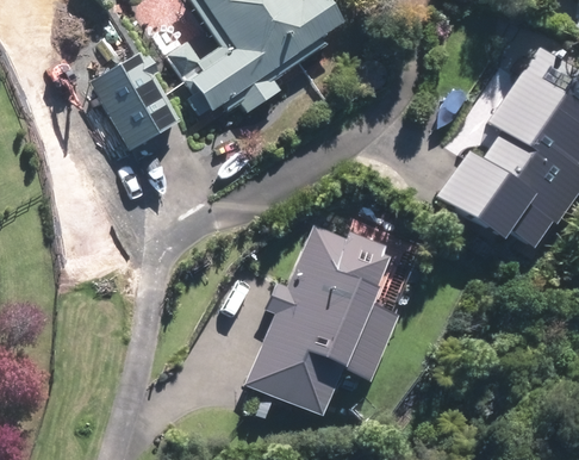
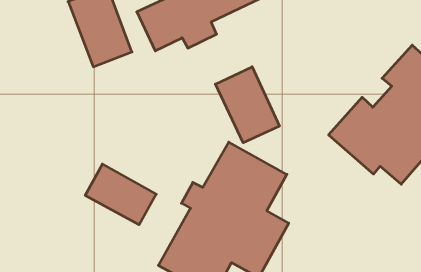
building: none -> [215,67,279,143]
building: none -> [85,164,156,225]

